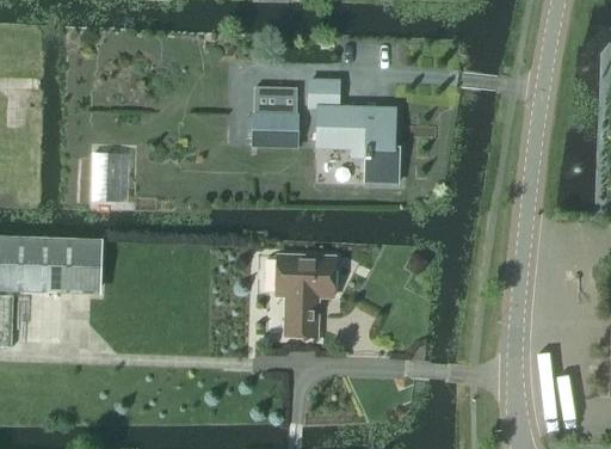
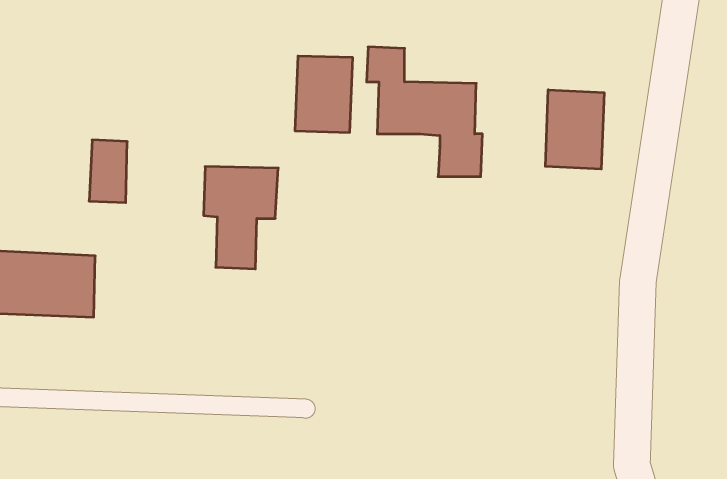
building: none -> [545,90,604,169]
building: [276,256,334,336] -> [204,167,278,269]

